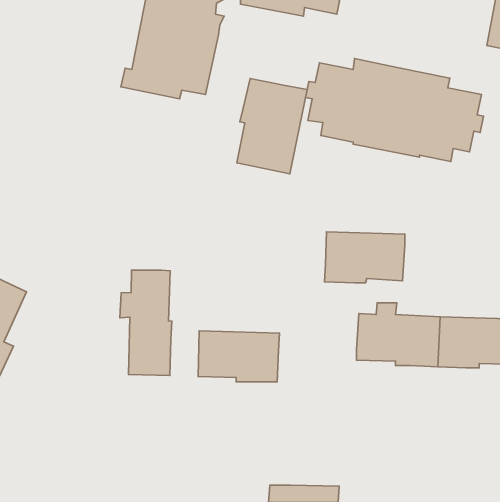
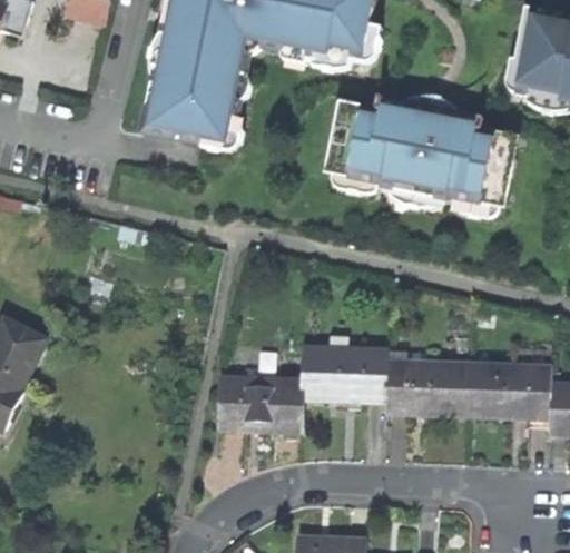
building: [237,79,307,174] -> none
building: [324,232,405,283] -> [302,346,384,398]
building: [120,270,172,375] -> none

